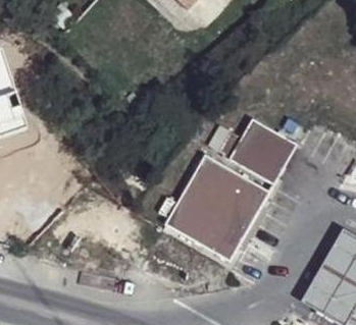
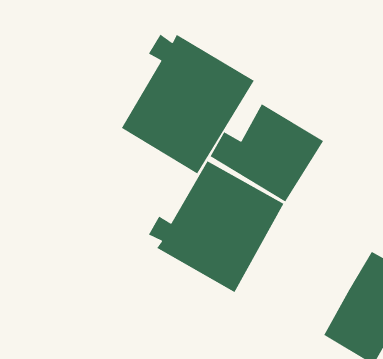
building: none -> [121,33,255,174]

